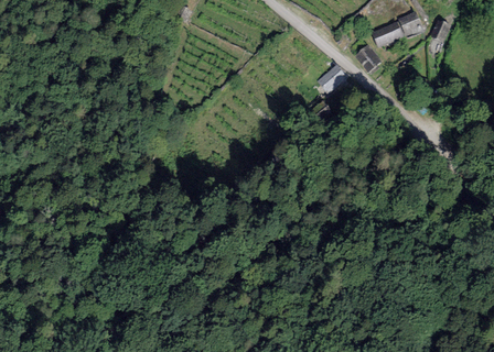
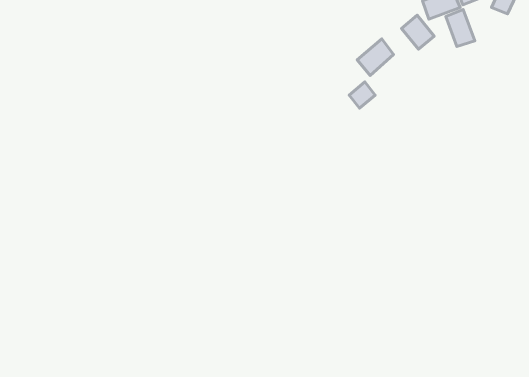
building: none -> [446,10,475,47]

